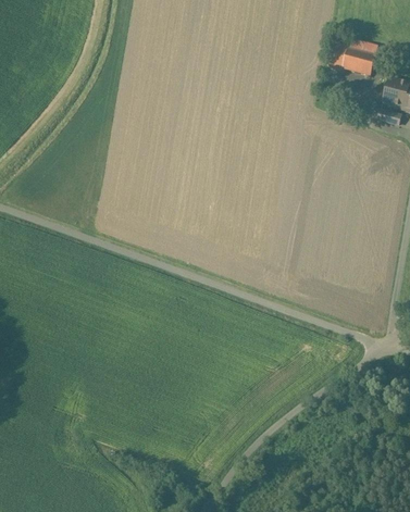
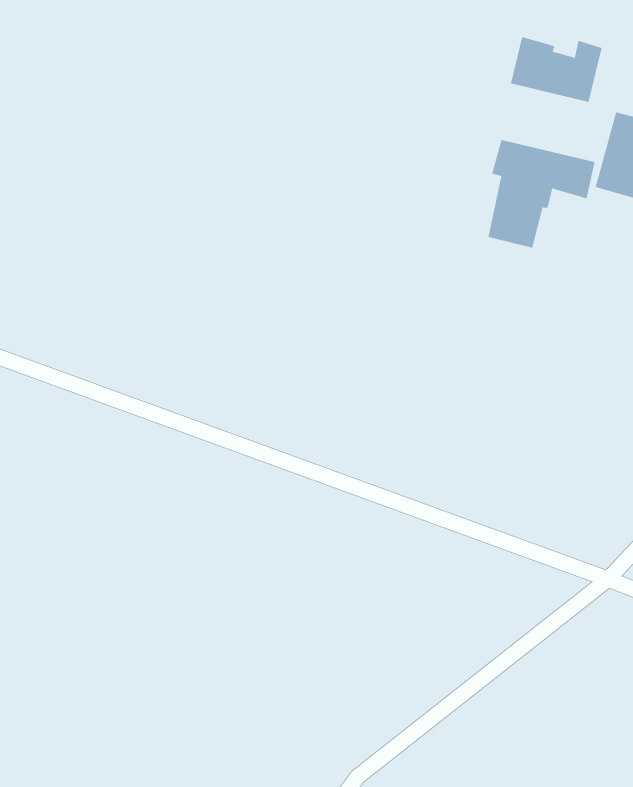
building: none -> [488,139,595,249]

